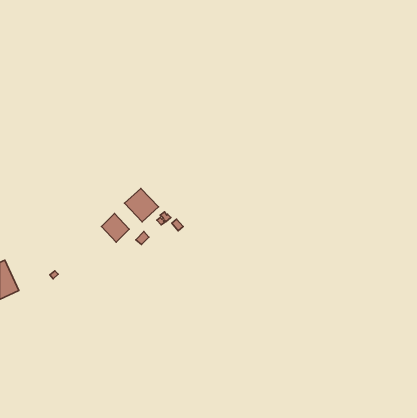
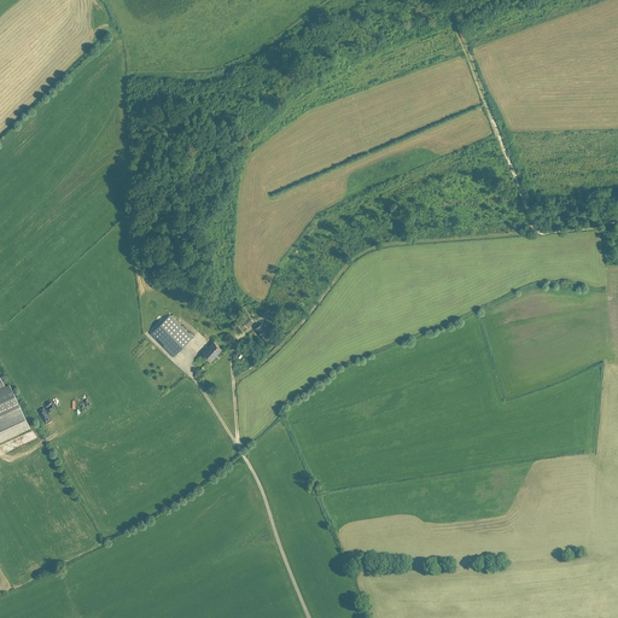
building: [124,188,158,222] -> none

